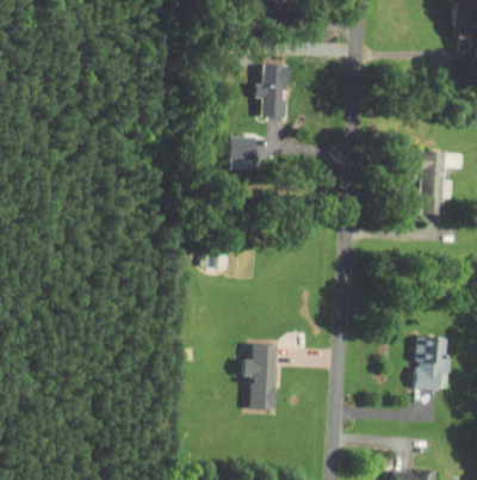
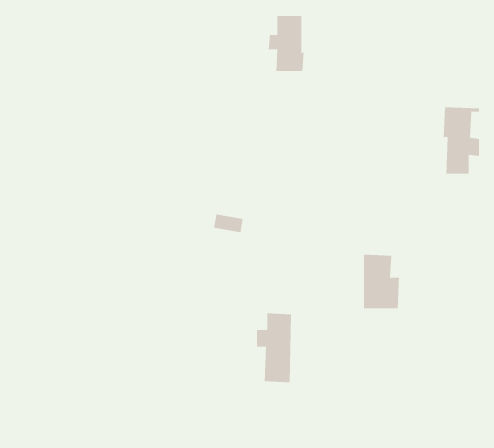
building: [228,136,256,171] -> none
building: [415,338,450,389] -> [363,254,400,309]

